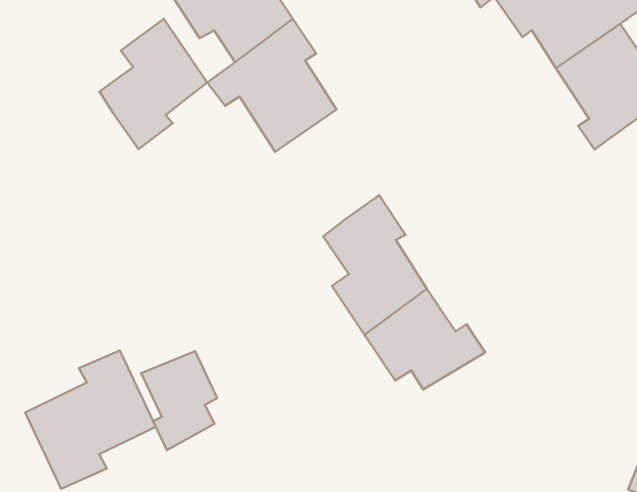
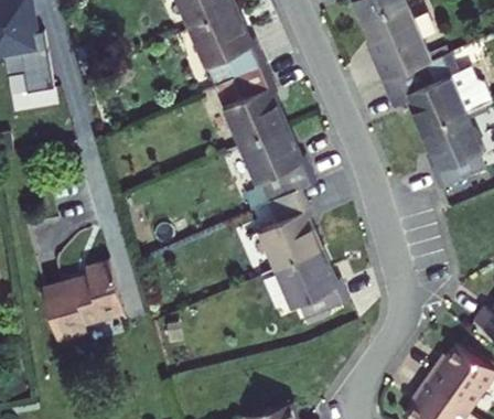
building: [100,19,207,149] -> none
building: none -> [236,130,312,201]
building: [141,351,217,450] -> none

